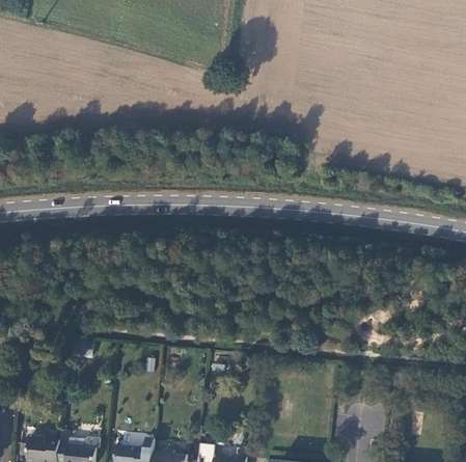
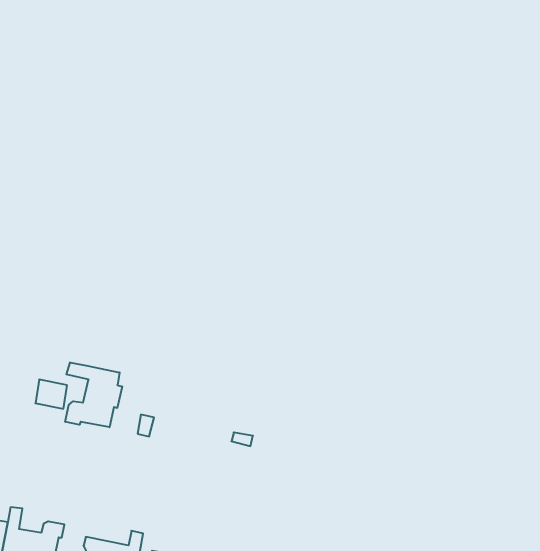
building: none -> [65,362,122,427]

